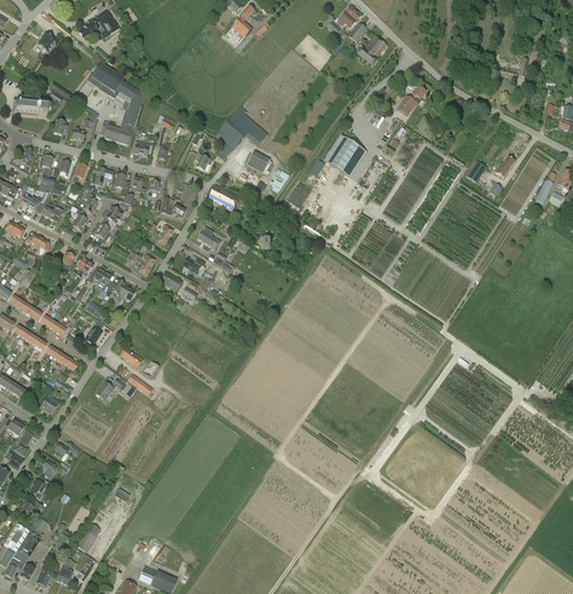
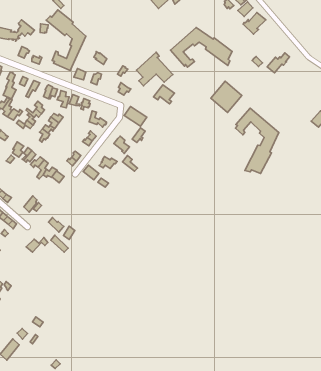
building: none -> [171,27,232,67]
building: none -> [235,108,279,173]

